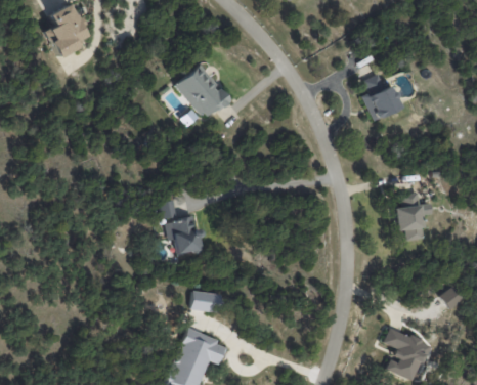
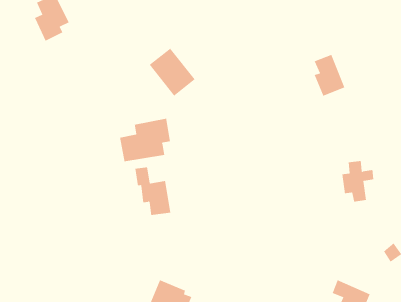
building: none -> [120,118,170,162]
building: [192,292,221,311] -> none

